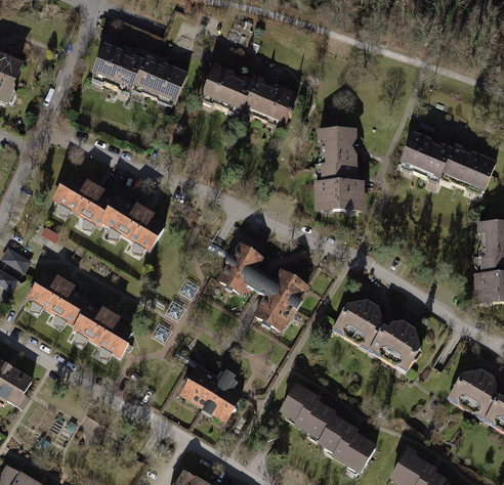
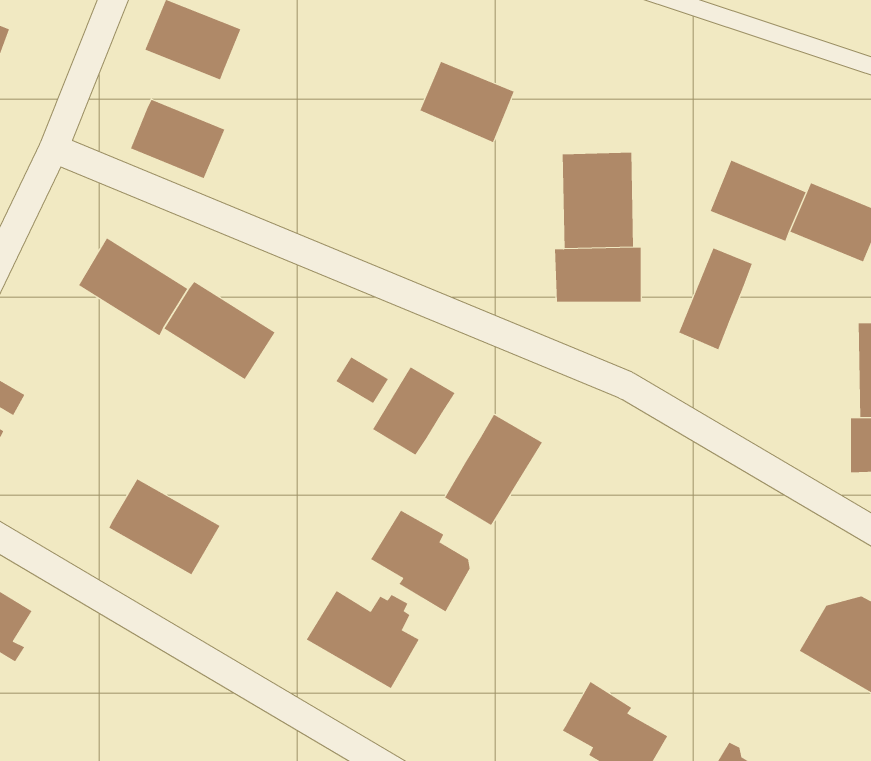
building: [136,58,187,101] -> [130,99,225,179]
building: [199,68,251,112] -> none
building: none -> [678,248,752,350]
building: [246,270,275,296] -> [336,357,389,404]
building: [31,275,91,327] -> none
building: [331,298,418,370] -> none
building: [280,383,334,438] -> [370,510,471,612]

